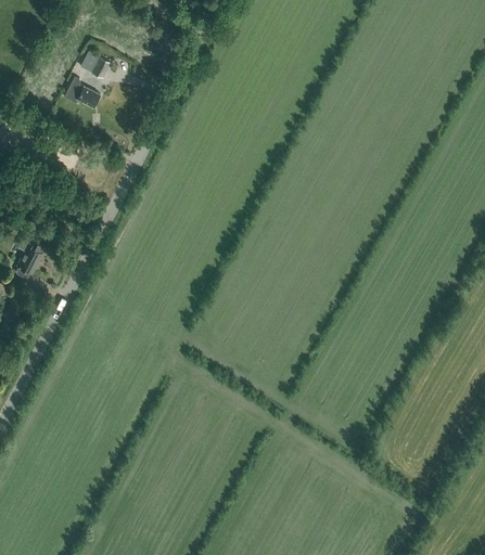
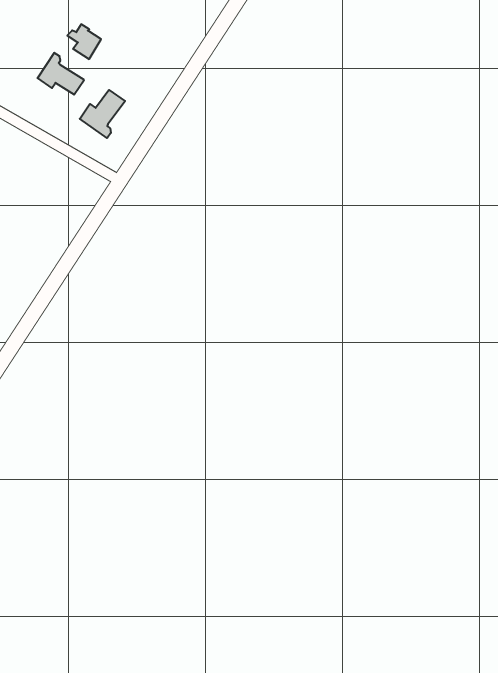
building: none -> [80,90,125,138]

